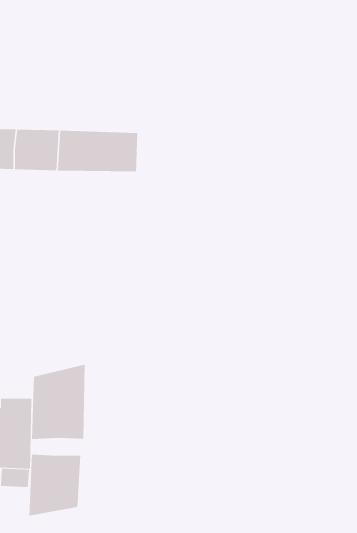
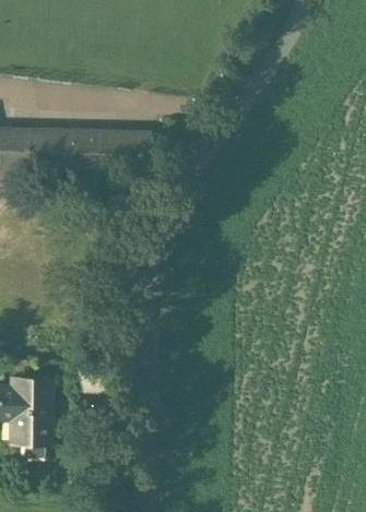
building: [31,364,85,440] -> none
building: [29,454,81,516] -> none

